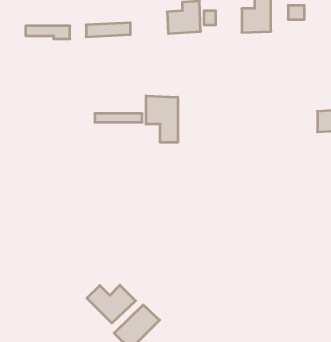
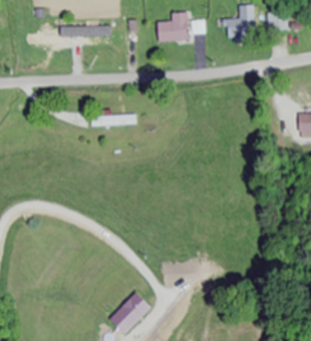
building: [146,96,178,142] -> none
building: [87,285,136,323] -> none

